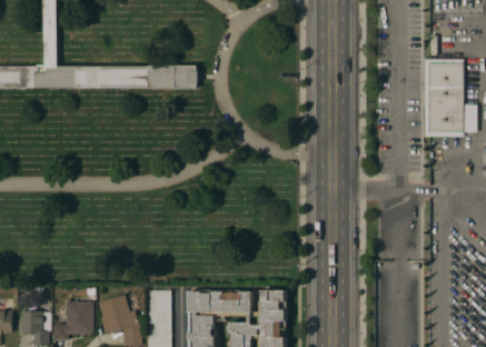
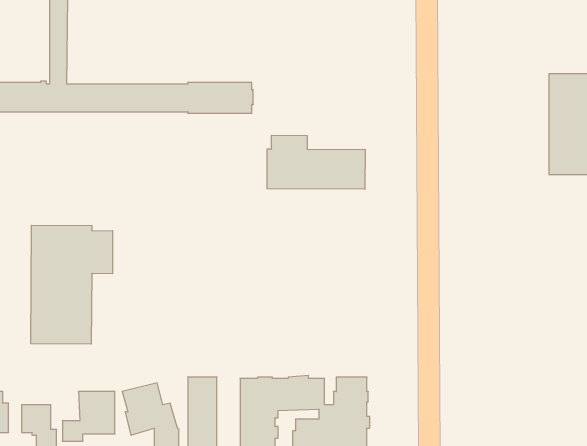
building: none -> [267,135,365,189]
building: none -> [31,225,113,344]

